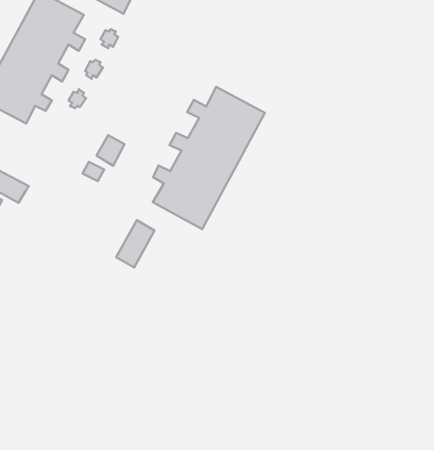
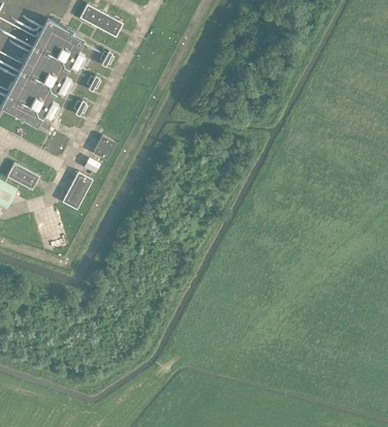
building: [153,87,265,229] -> none
building: [116,220,155,267] -> [61,172,92,210]

